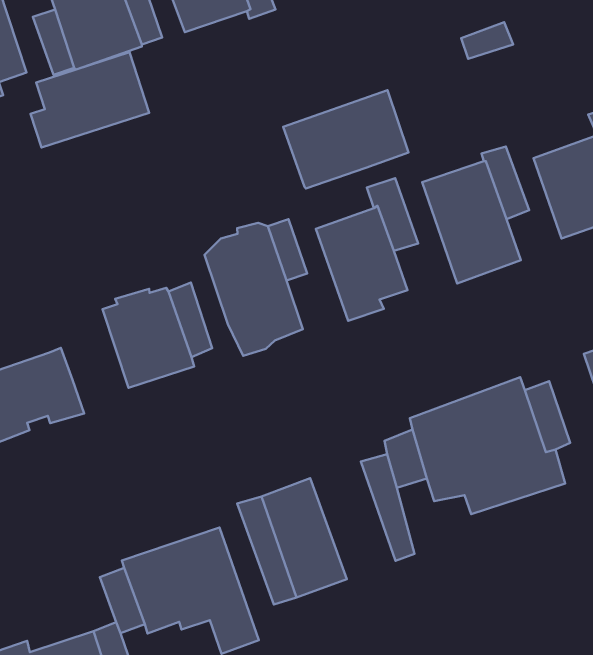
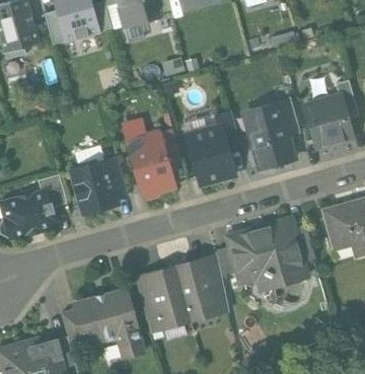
building: [30,52,149,148] -> none
building: [283,90,408,188] -> none
building: none -> [38,174,67,207]
building: none -> [175,259,218,321]

